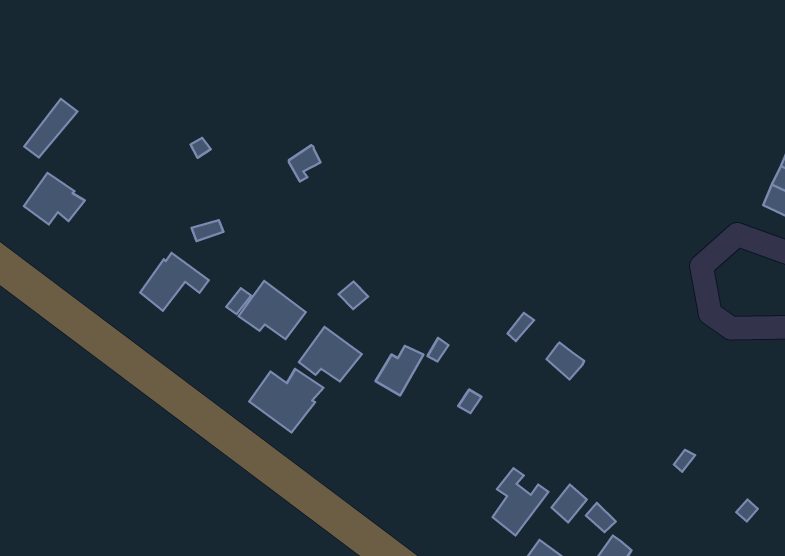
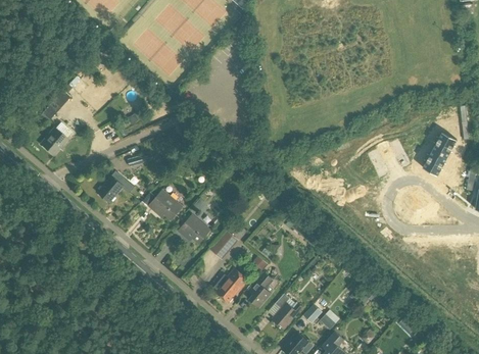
building: [249,369,324,433] -> none
building: none -> [212,268,247,301]
building: none -> [247,271,272,307]

